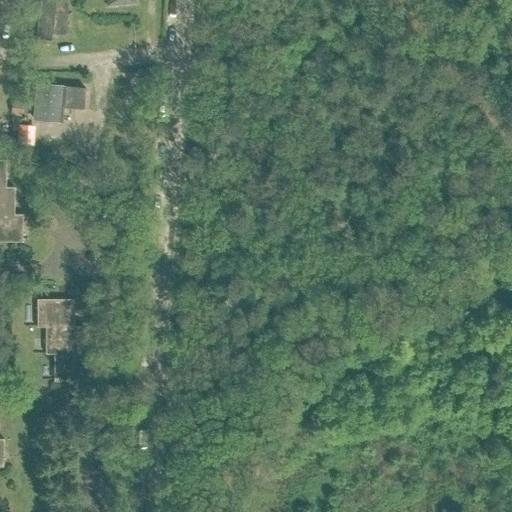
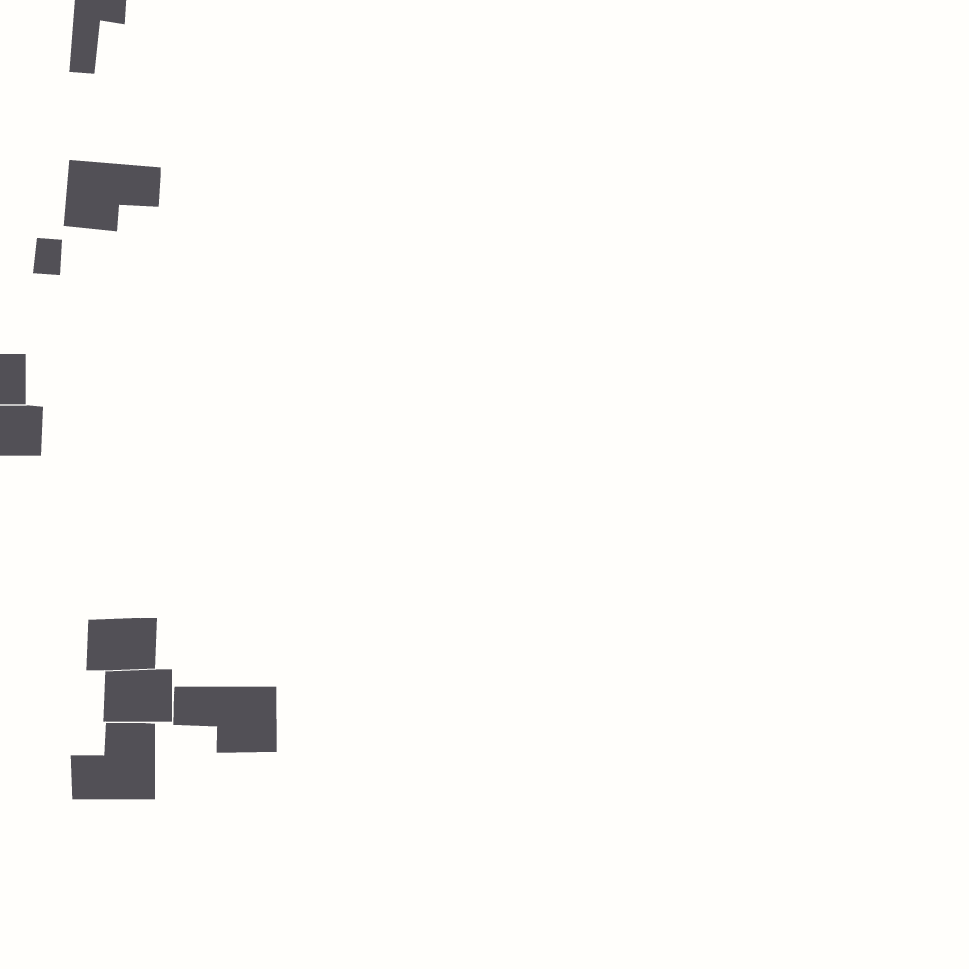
building: [37,298,74,326] -> none
building: none -> [173,686,277,754]
building: none -> [70,722,156,800]

